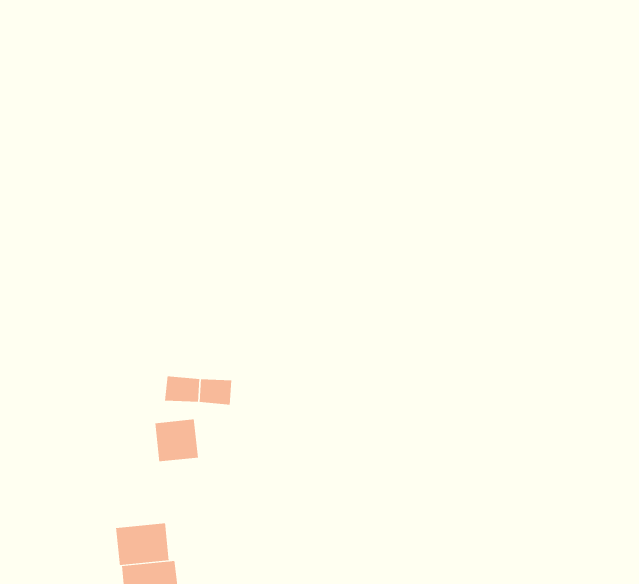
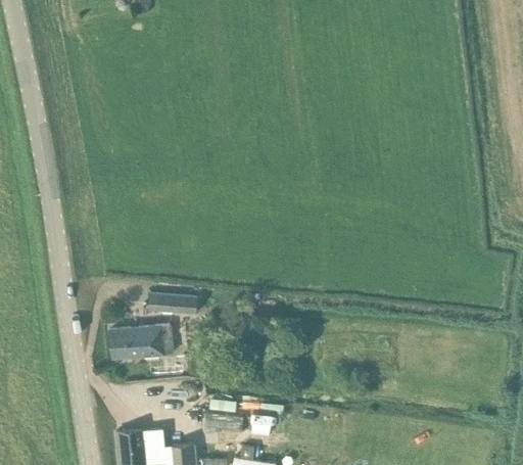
building: none -> [111,328,145,360]
building: [116,523,169,566] -> none

